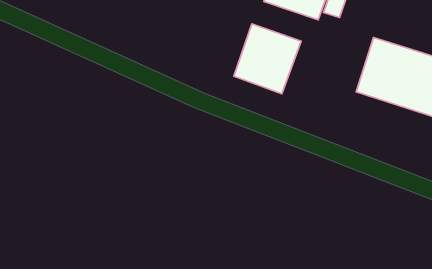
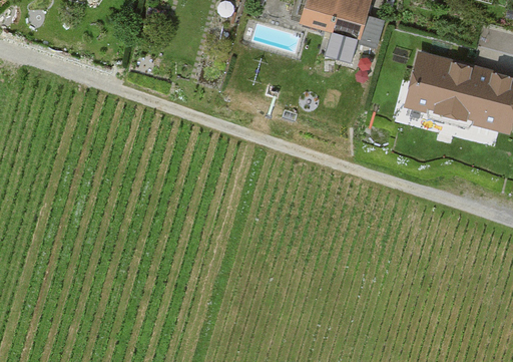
building: [234,24,301,94] -> none

